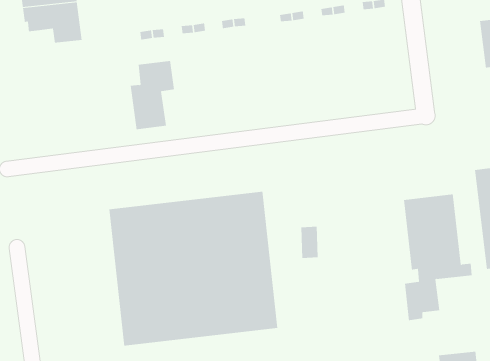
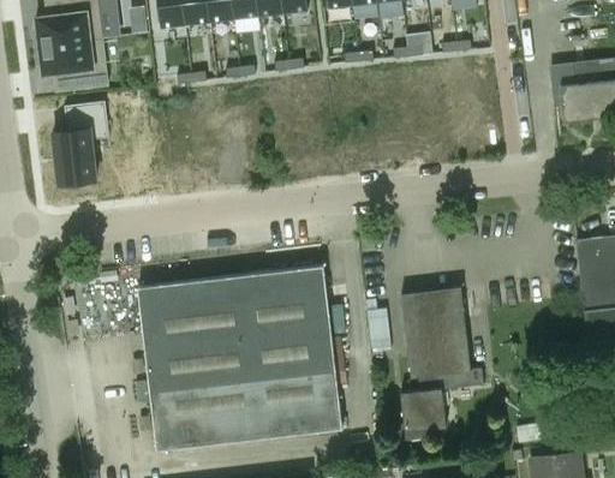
building: none -> [550,62,589,121]
building: [130,60,175,130] -> [52,102,106,185]
building: [403,194,472,321] -> [400,287,483,438]

